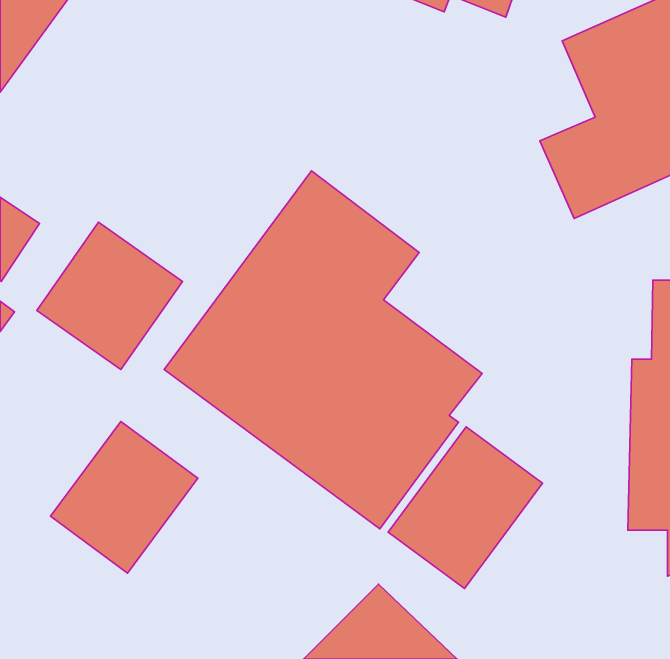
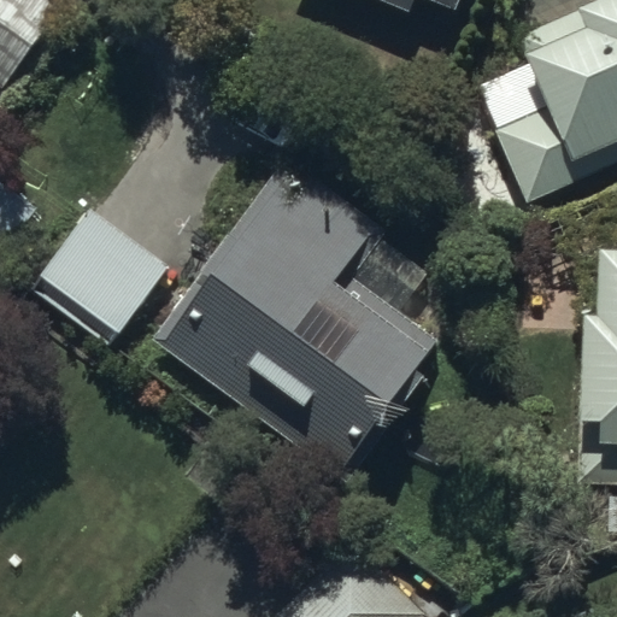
building: [51,421,198,573] -> none
building: [388,427,543,589] -> none

